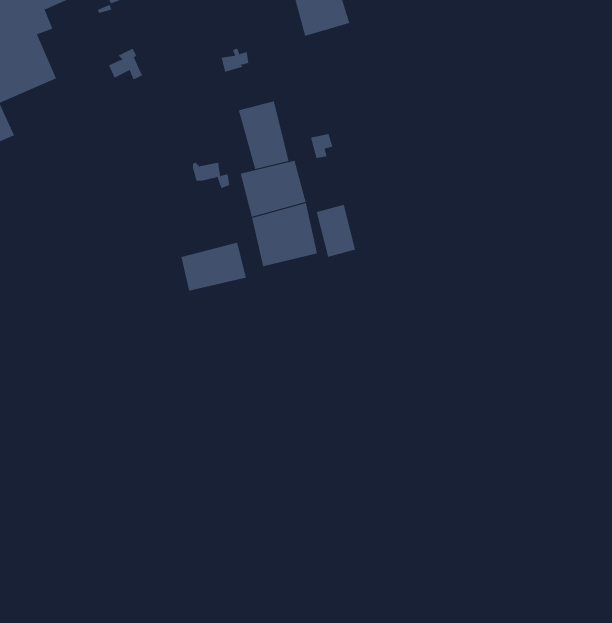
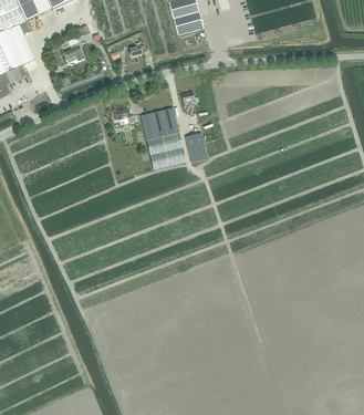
building: [238,101,289,170] -> none
building: [181,242,246,291] -> none

